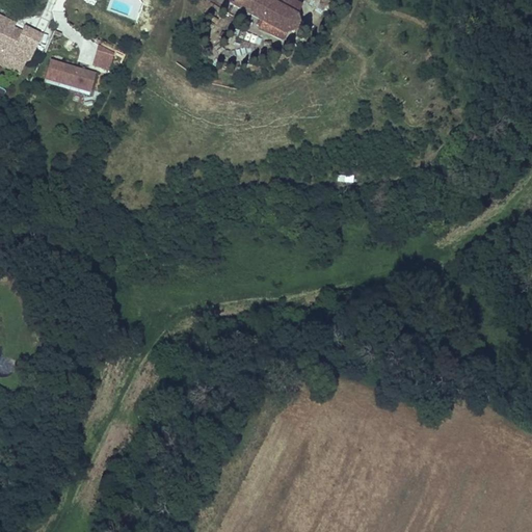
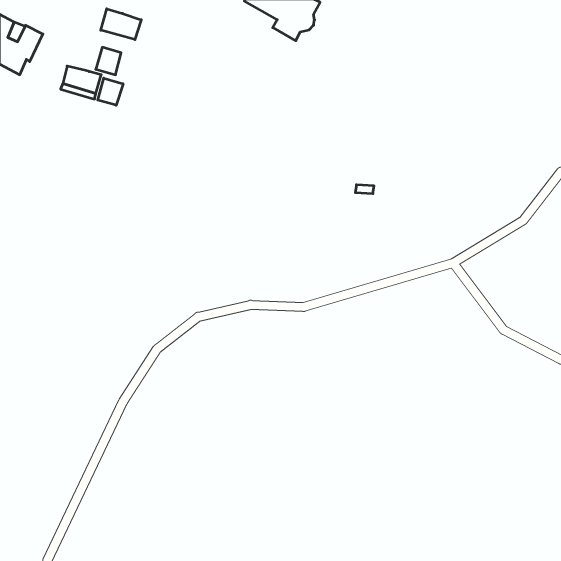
building: none -> [101,9,141,40]
building: none -> [98,78,123,105]

